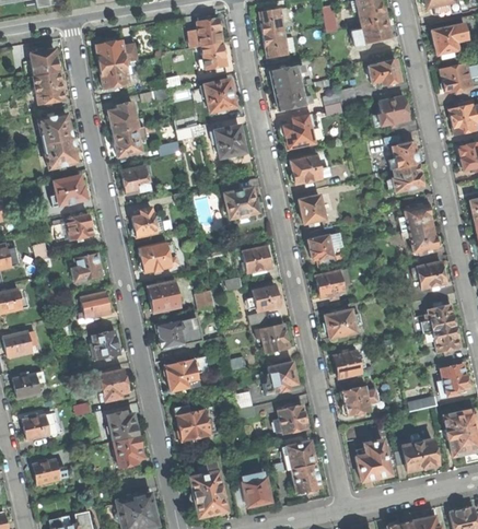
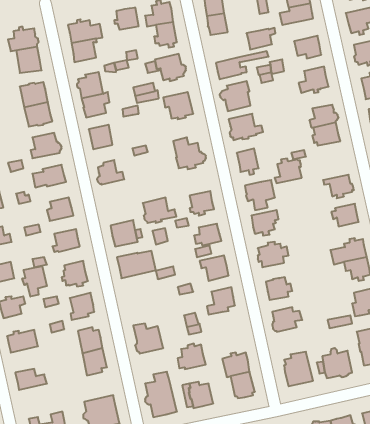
building: none -> [115,7,138,30]
building: [270,64,305,91] -> [246,28,275,50]
building: [401,202,434,232] -> [275,159,302,183]
building: [139,242,179,272] -> [143,198,176,223]
building: none -> [22,266,47,297]
building: [164,354,209,390] -> none
building: [275,402,308,433] -> [178,344,206,369]

